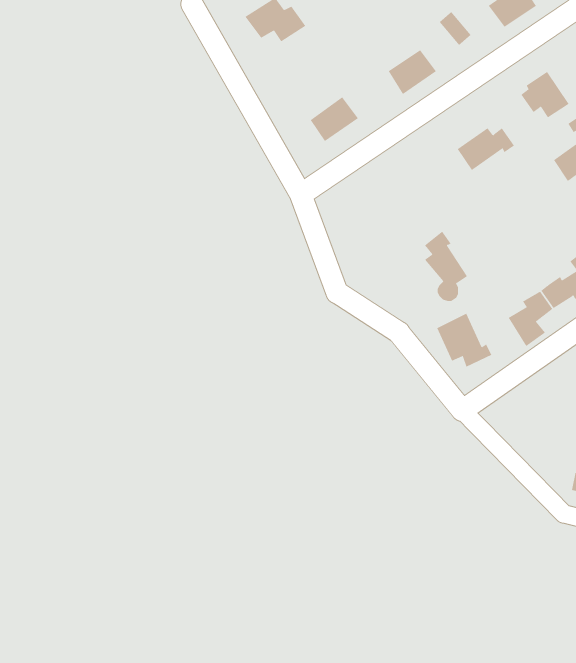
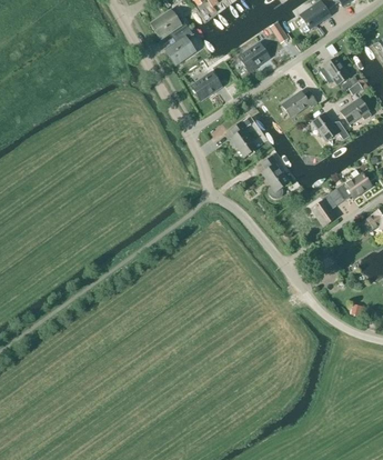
building: none -> [165,28,193,62]
building: none -> [312,111,349,140]
building: none -> [230,117,256,156]
building: [436,313,492,367] -> none

